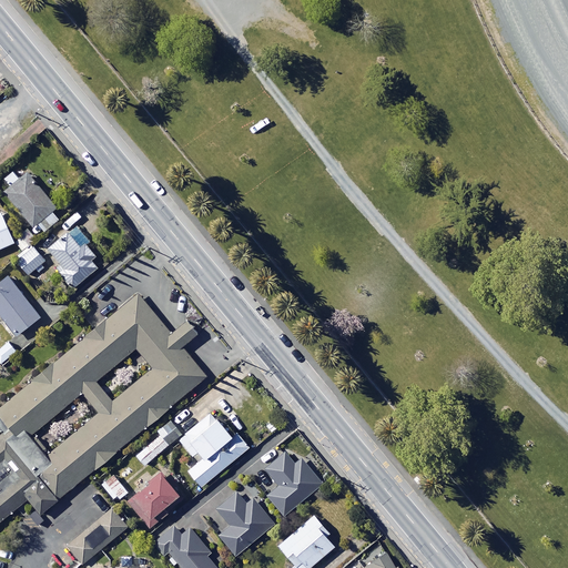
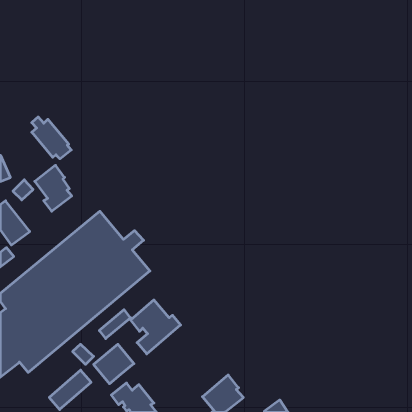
building: [4,172,59,230] -> [32,117,71,159]
building: [265,453,322,516] -> none
building: [217,494,274,556] -> none

